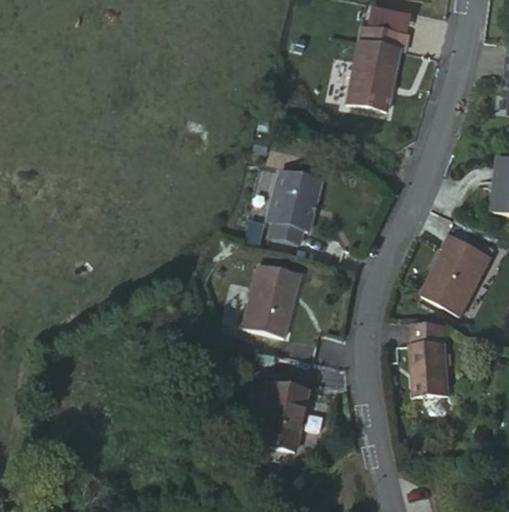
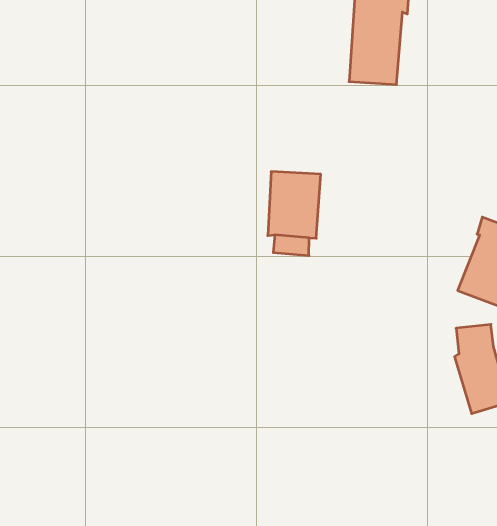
building: [246,270,300,340] -> none
building: [261,387,310,454] -> none

